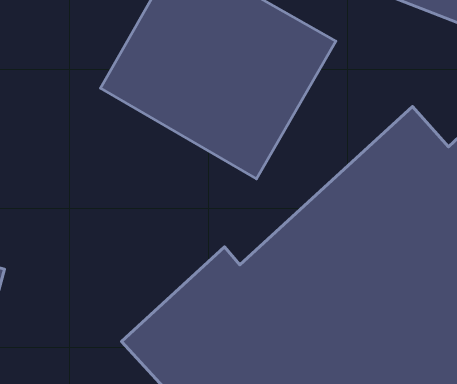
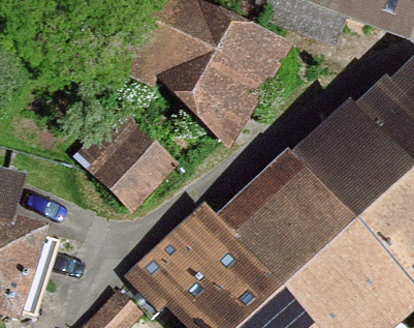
building: none -> [91,122,179,210]

